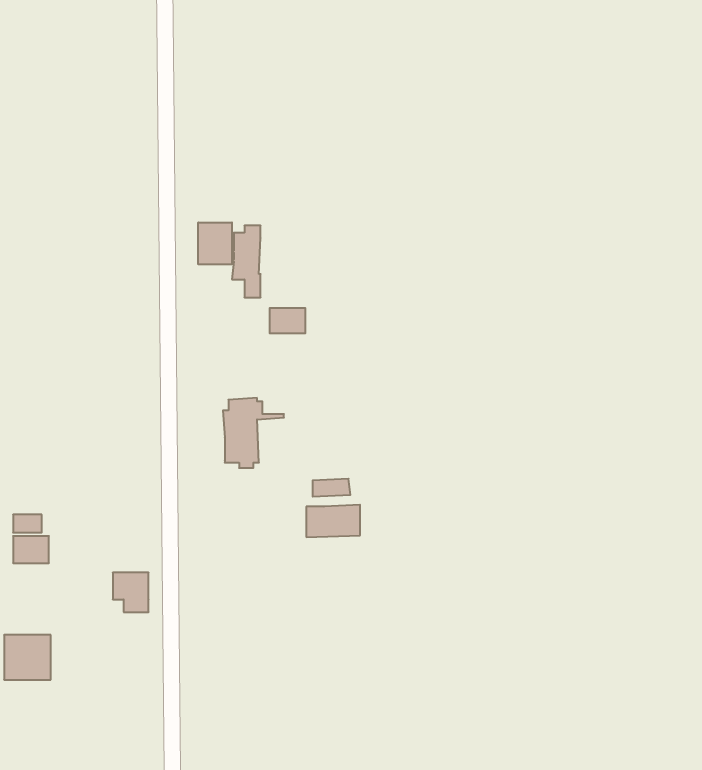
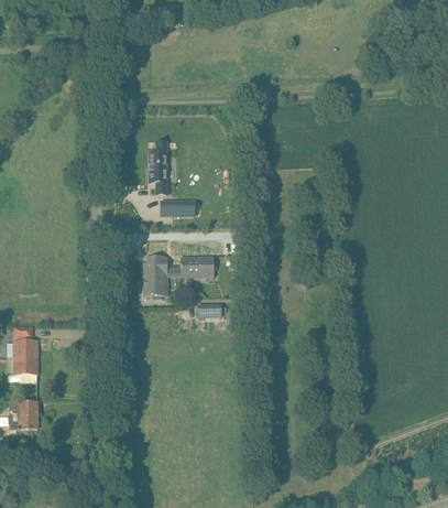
building: [198,222,232,264] -> none
building: [306,505,360,537] -> [181,256,214,275]
building: [113,573,149,612] -> [14,356,36,380]

